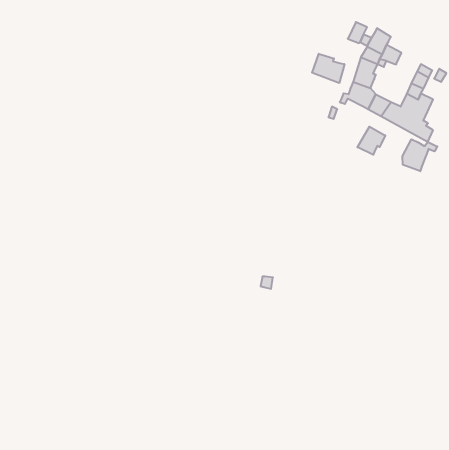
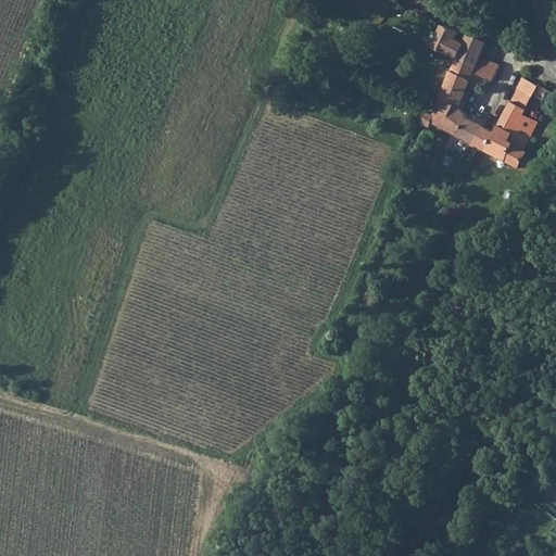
building: [312,54,344,83] -> none
building: [357,127,385,155] -> none
building: [402,139,437,171] -> none

